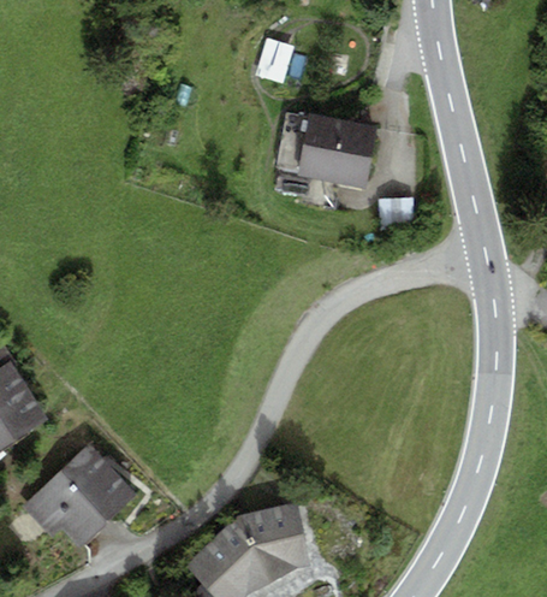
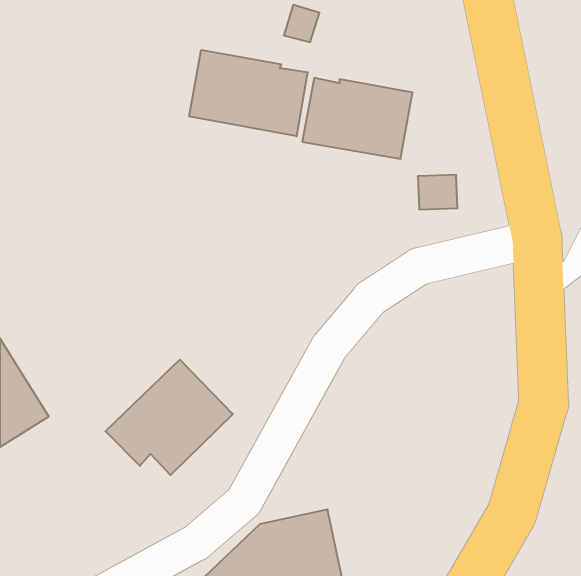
building: none -> [189,50,308,136]
building: [22,443,137,548] -> [105,360,233,475]

